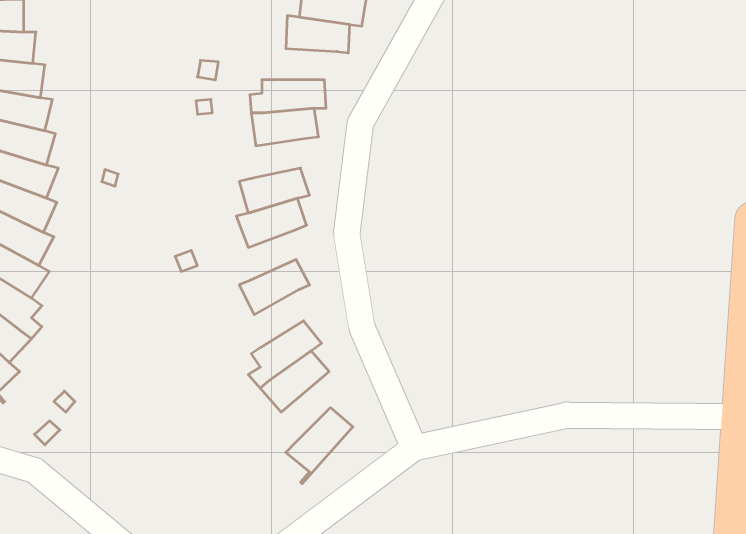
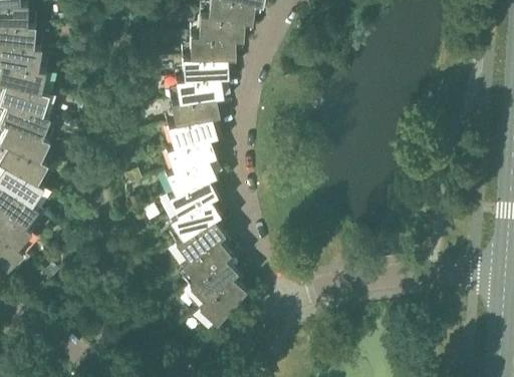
building: none -> [193,37,235,59]
building: none -> [173,98,219,125]
building: none -> [168,159,216,194]
building: none -> [173,200,220,239]
building: none -> [192,260,237,303]

